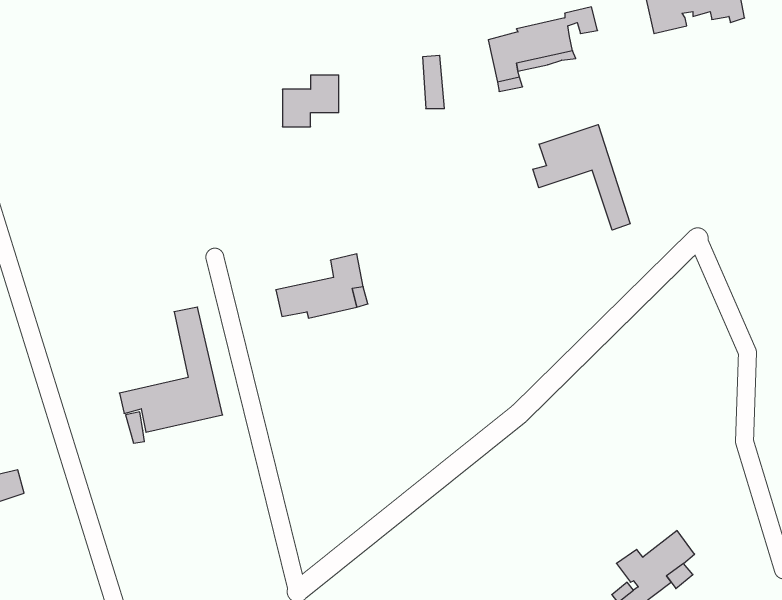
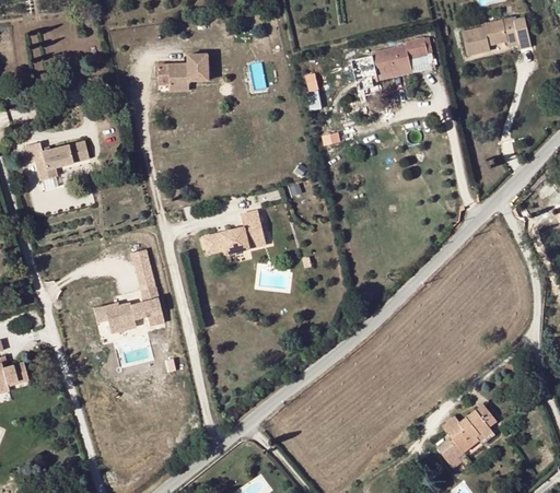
building: [282,75,339,127] -> [167,56,207,92]
building: [533,125,630,230] -> none
building: none -> [24,138,90,177]

